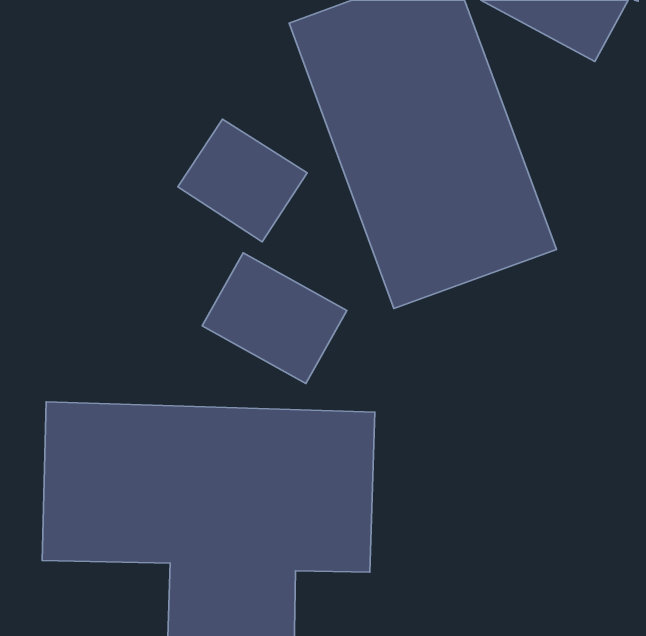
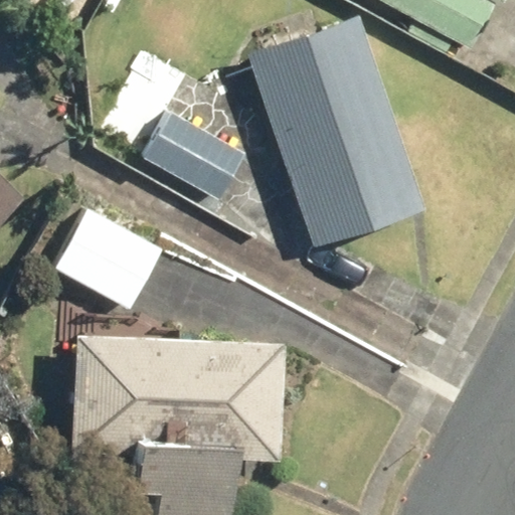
building: [202,253,347,383] -> [52,210,166,313]

